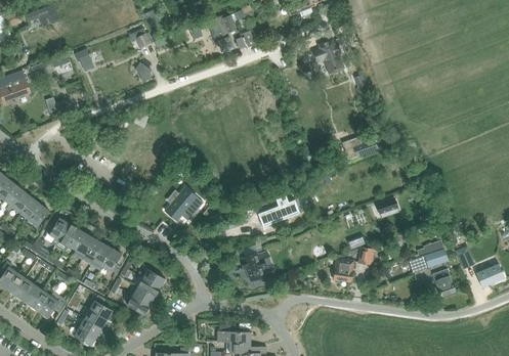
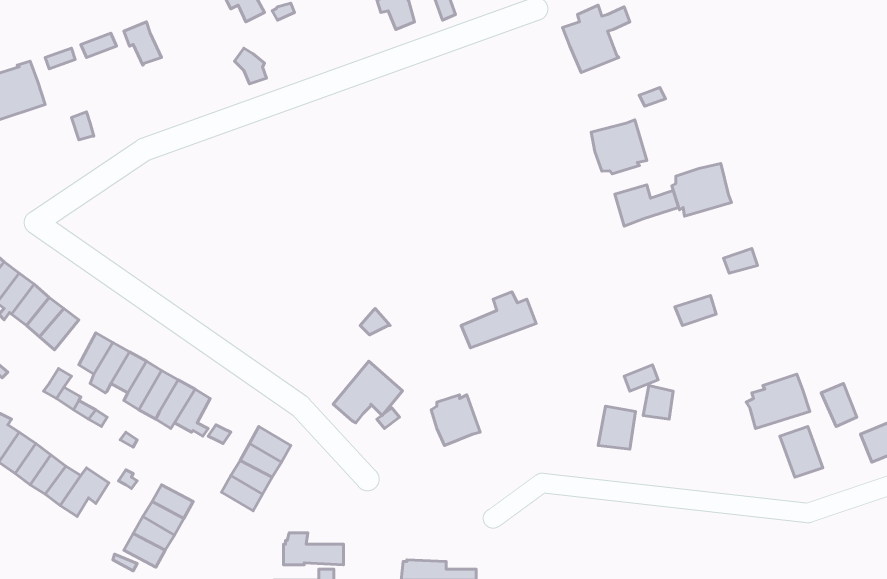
building: none -> [591,120,647,174]
building: none -> [672,163,732,216]
building: [168,187,206,221] -> [333,361,403,423]
building: [217,325,250,343] -> [284,533,344,565]

